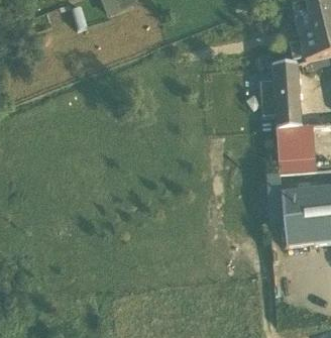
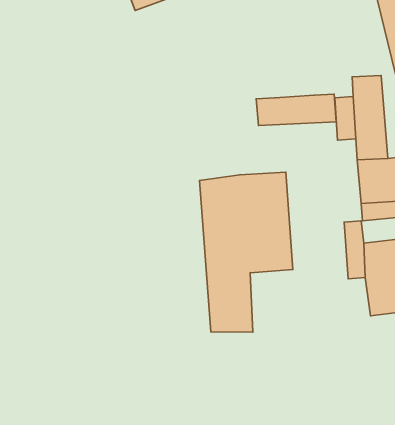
building: none -> [256,94,336,126]
building: none -> [199,172,293,332]

